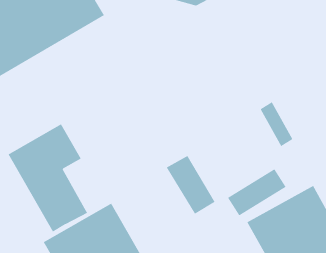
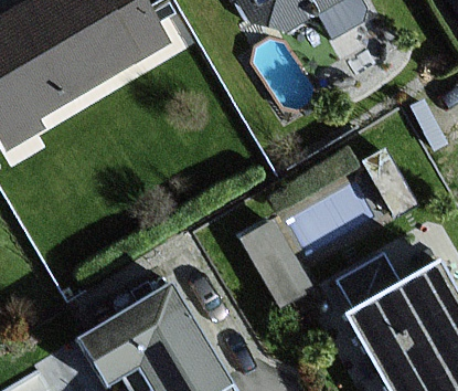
building: [8,124,88,233] -> none

